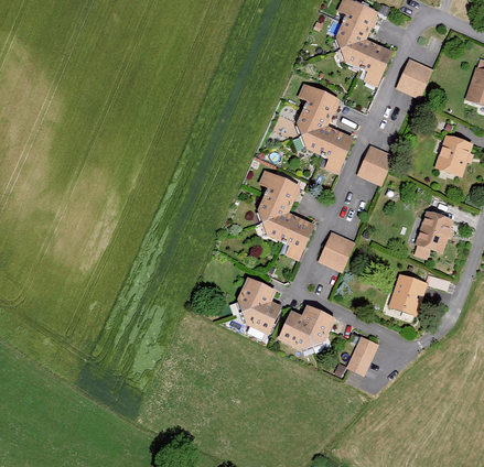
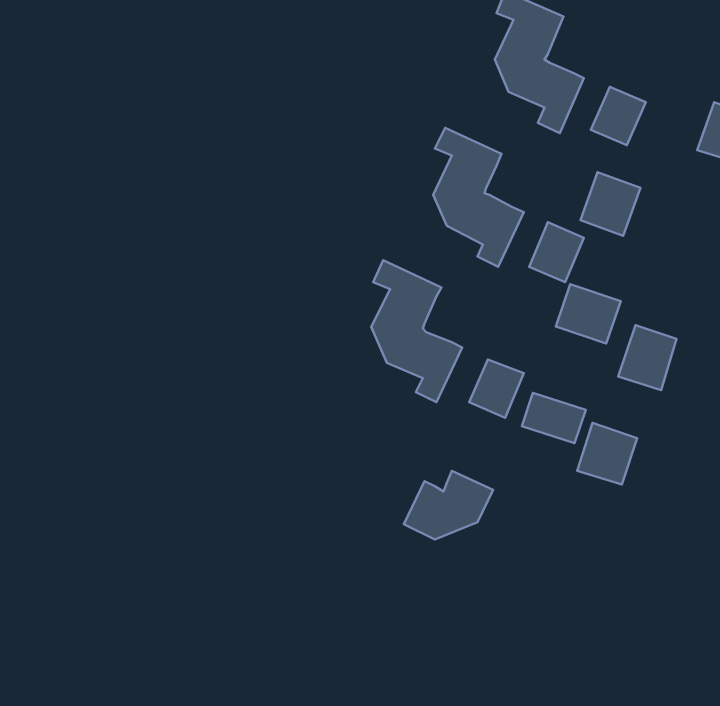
building: [433,135,472,176] -> [580,172,640,236]
building: none -> [556,284,621,343]
building: none -> [522,393,586,443]
building: [237,276,280,334] -> none
building: [344,335,376,374] -> none

